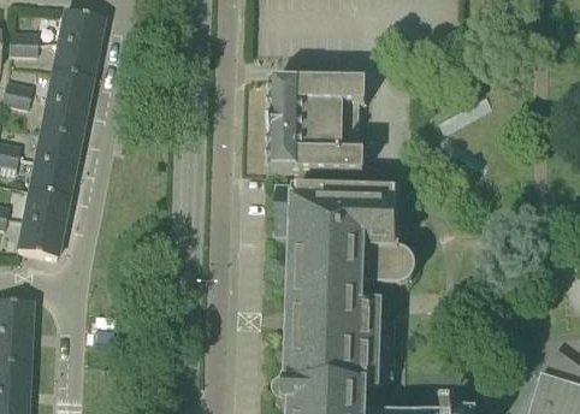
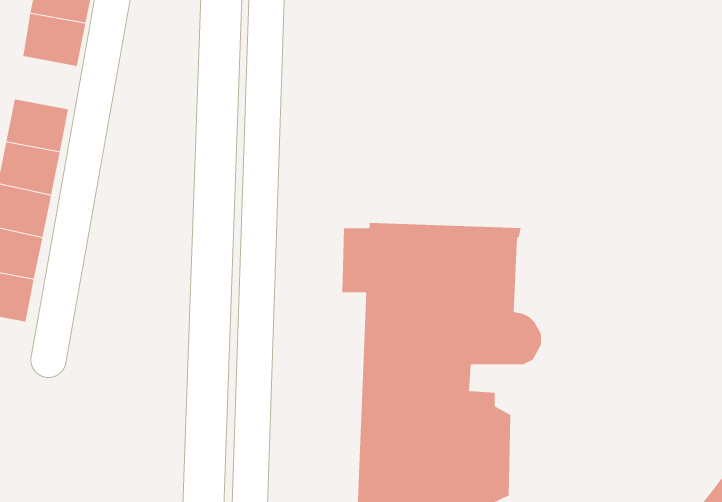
building: [47,71,91,108] -> none
building: [270,83,367,175] -> none

